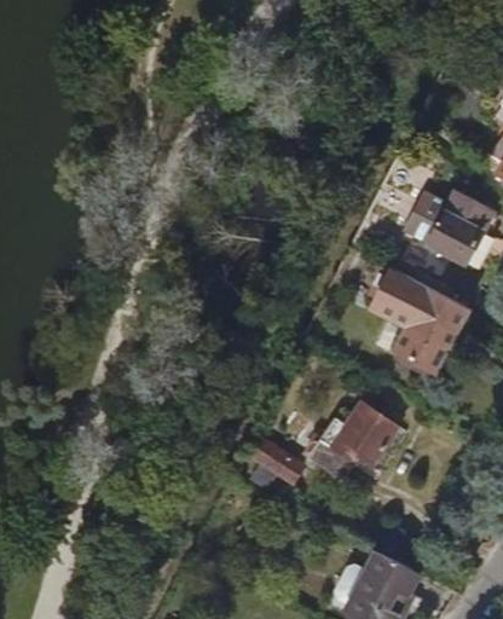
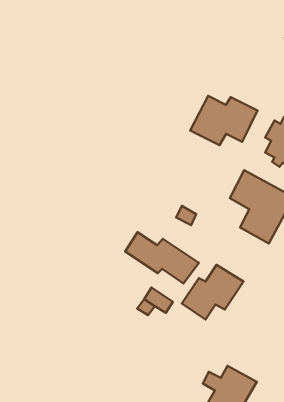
building: none -> [190,96,258,145]
building: none -> [125,232,199,283]

